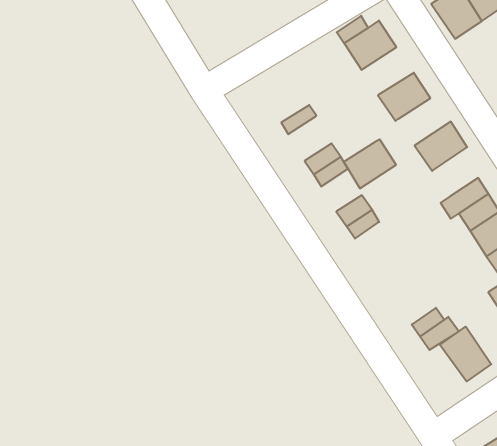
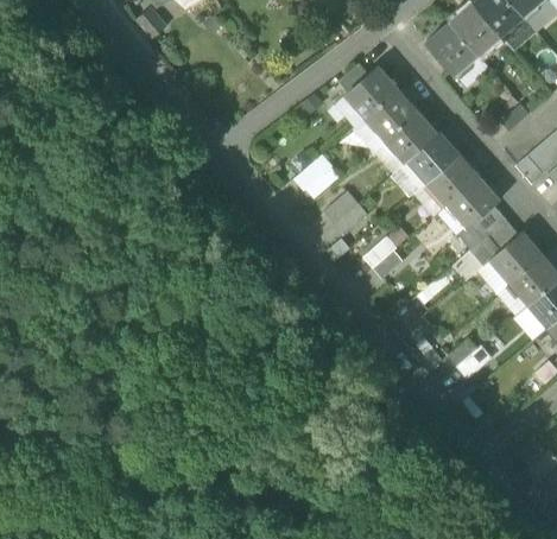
building: none -> [367,90,418,139]
building: [344,139,396,188] -> [409,133,460,183]
building: none -> [448,178,499,228]
building: [440,327,491,381] -> none

